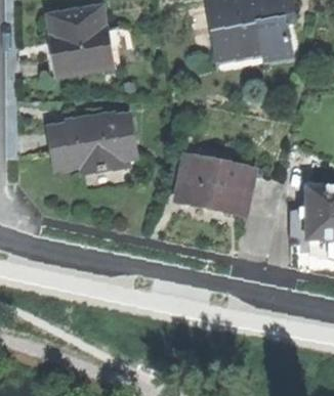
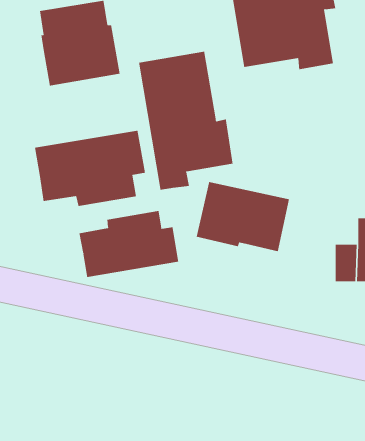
building: none -> [138,51,233,191]
building: none -> [79,210,179,278]

